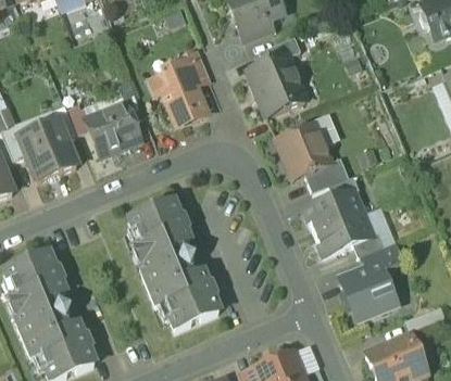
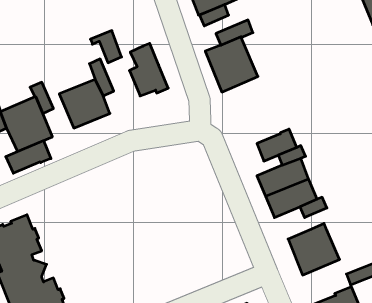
building: [175,48,210,84] -> [90,31,122,63]
building: [276,122,330,173] -> none
building: none -> [6,141,51,173]
building: [128,199,218,328] -> none
building: [360,239,403,268] -> none

